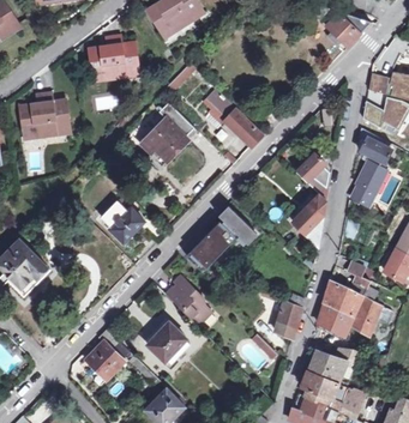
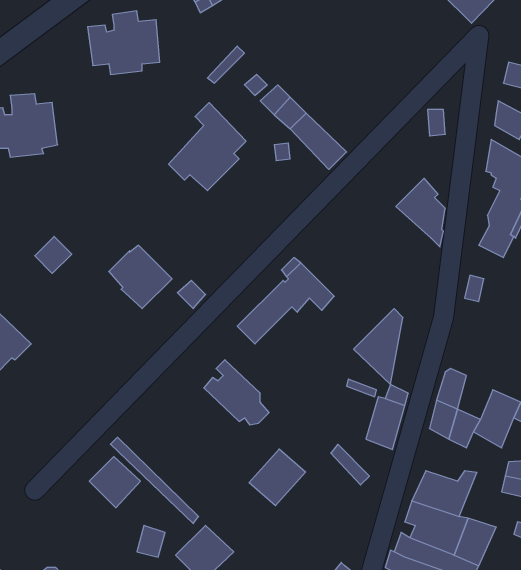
building: [293,194,326,246] -> [354,309,403,384]
building: [338,282,367,318] -> none
building: [149,324,187,362] -> [249,449,306,506]

